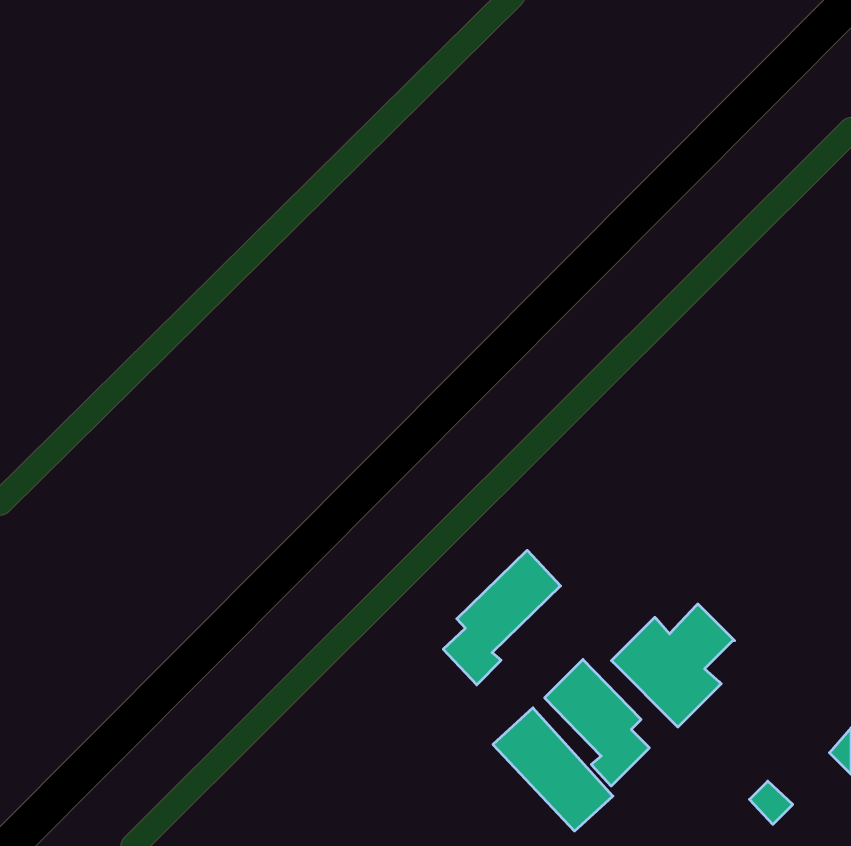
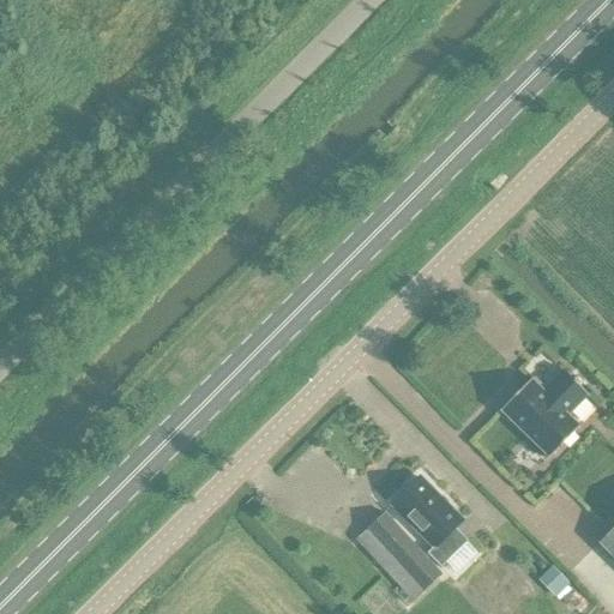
building: [443,550,561,685] -> none
building: [611,604,735,727] -> [500,367,589,456]

